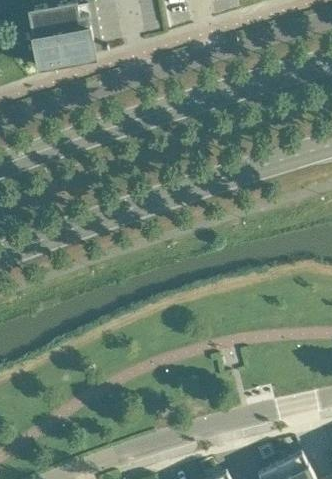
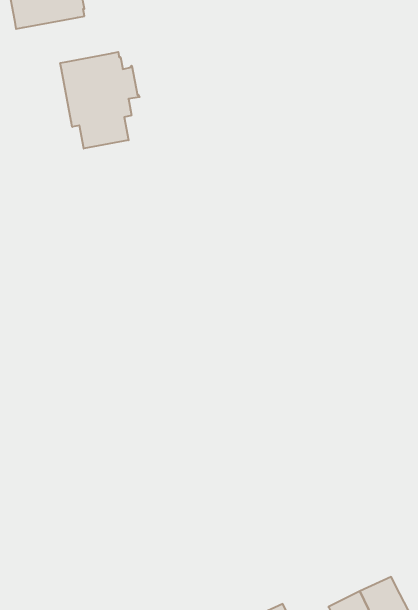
building: none -> [60,52,140,149]

